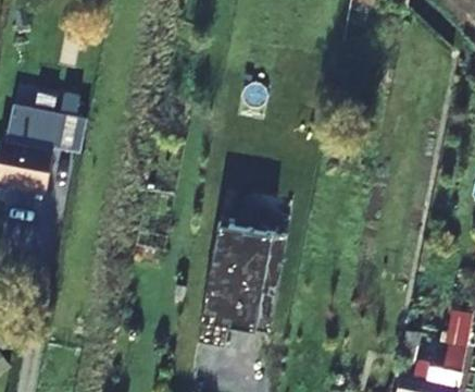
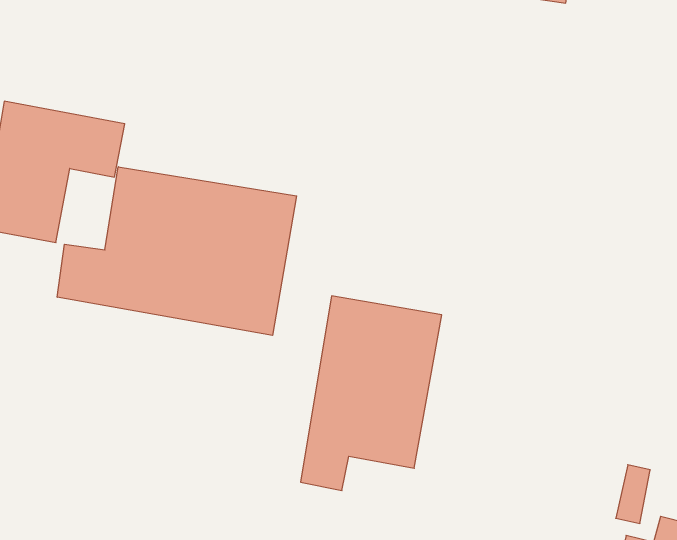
building: none -> [57,167,297,335]

